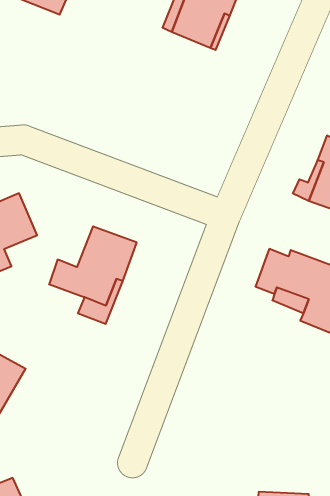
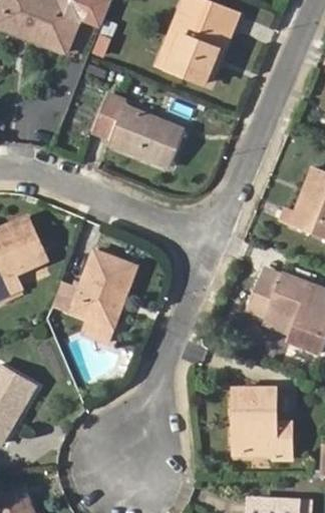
building: none -> [93,92,183,165]
building: none -> [236,388,293,459]

